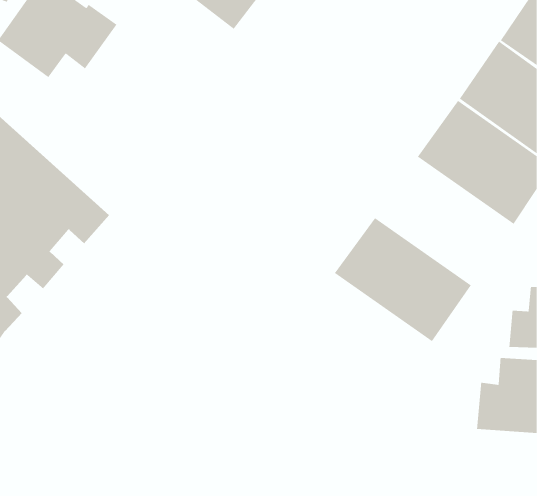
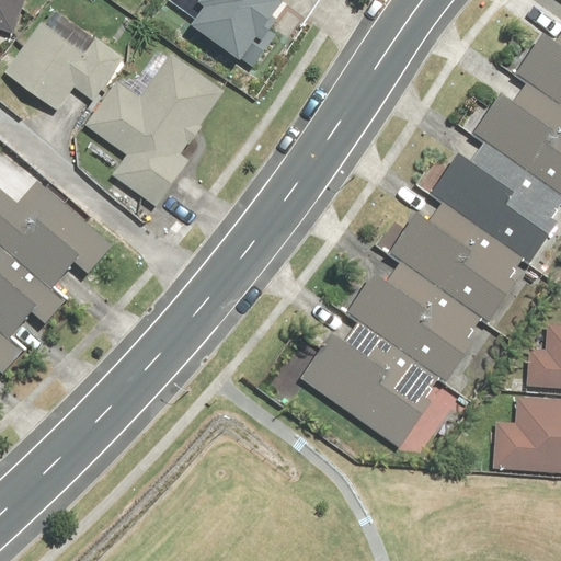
building: none -> [84,54,227,216]
building: none -> [390,192,530,320]
building: none -> [301,310,446,446]

